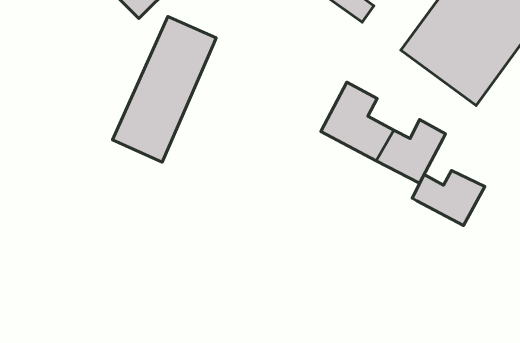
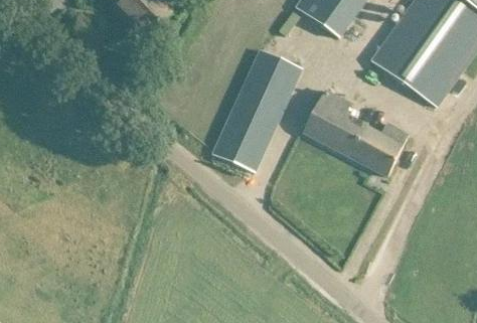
building: [113,17,216,162] -> [213,47,302,172]
building: [412,170,485,226] -> none

